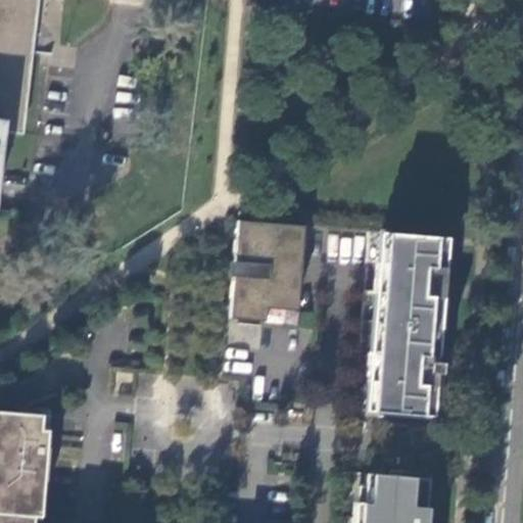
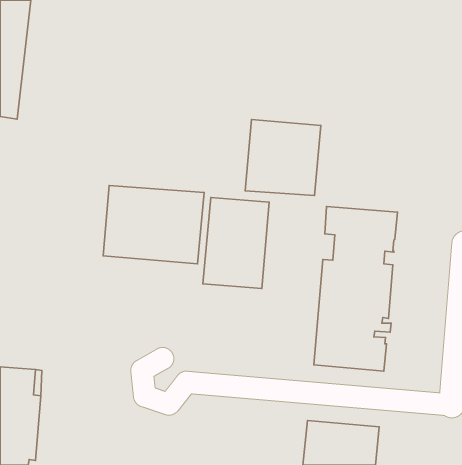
building: none -> [245,120,321,196]
building: none -> [103,186,204,264]

